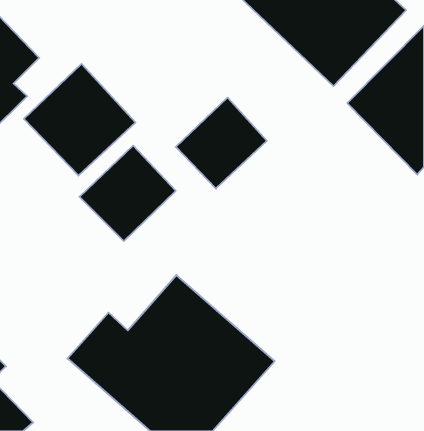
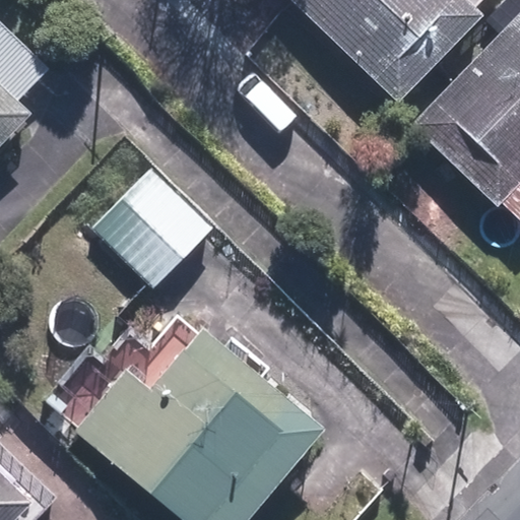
building: [24,64,135,176] -> none
building: [176,98,267,189] -> none

